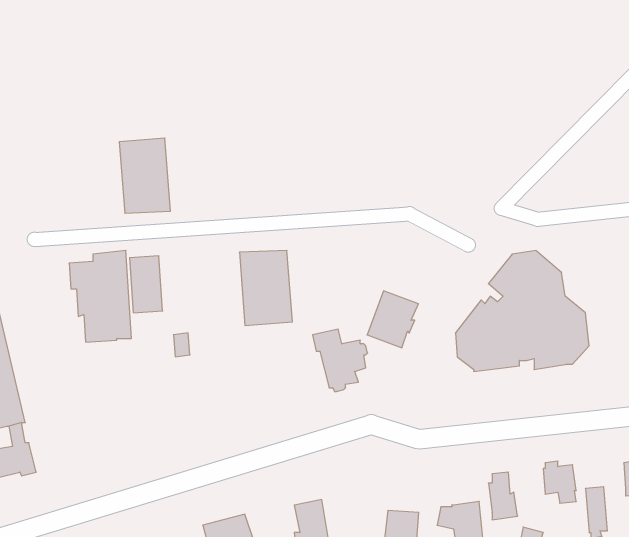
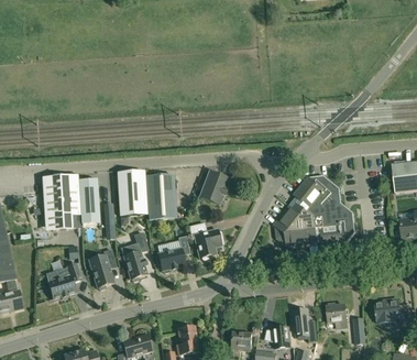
building: [119,138,170,213] -> [117,171,147,216]
building: [367,291,418,348] -> [199,171,230,205]
building: none -> [121,232,149,282]
building: none -> [158,236,189,273]
building: none -> [89,250,117,291]
building: none -> [46,263,81,298]

